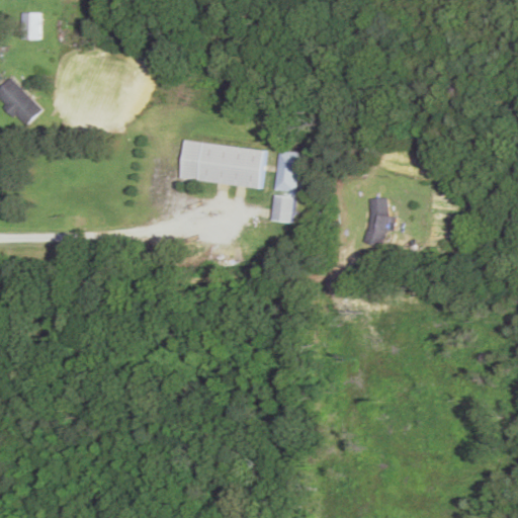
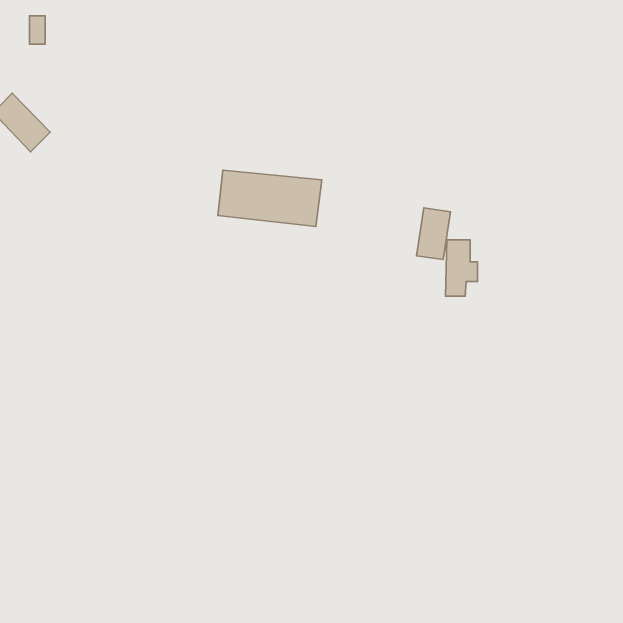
building: [273,150,301,192] -> [416,208,451,259]
building: [271,195,293,223] -> none

